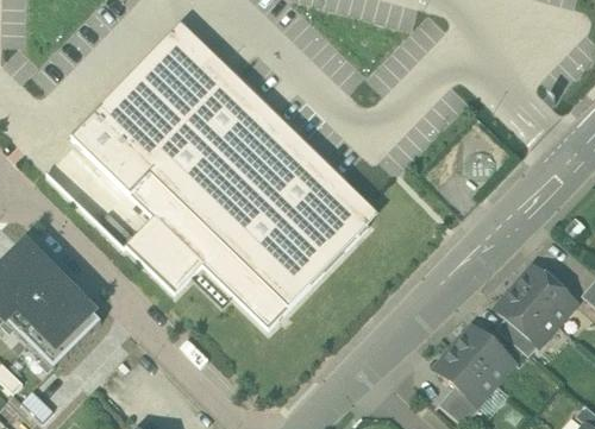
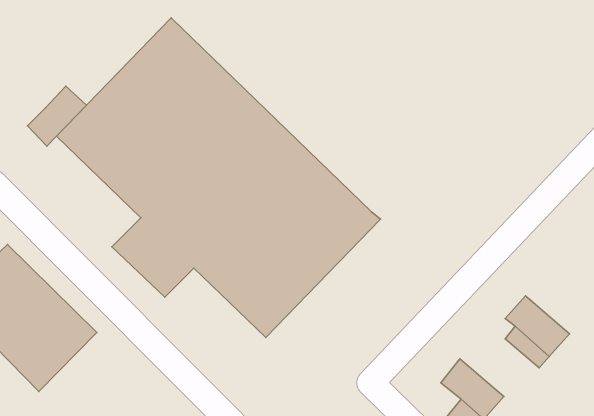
building: none -> [28,86,86,146]
building: [515,265,575,322] -> none
building: [453,324,513,381] -> none

